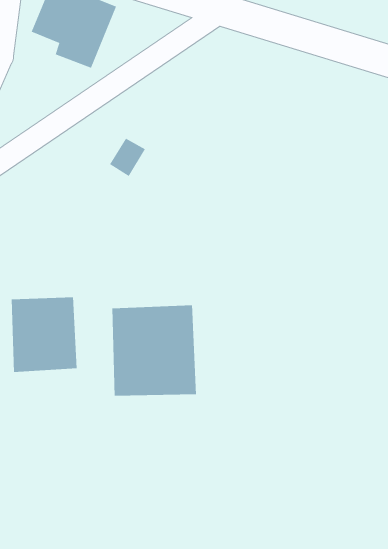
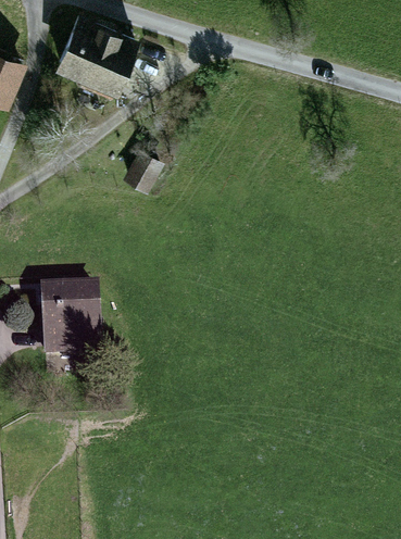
building: [112,305,197,397] -> none

